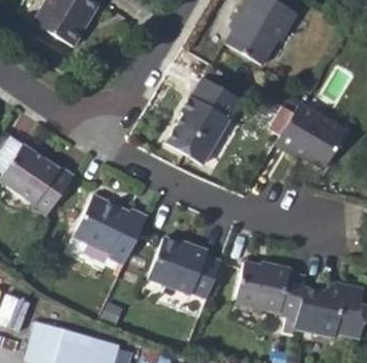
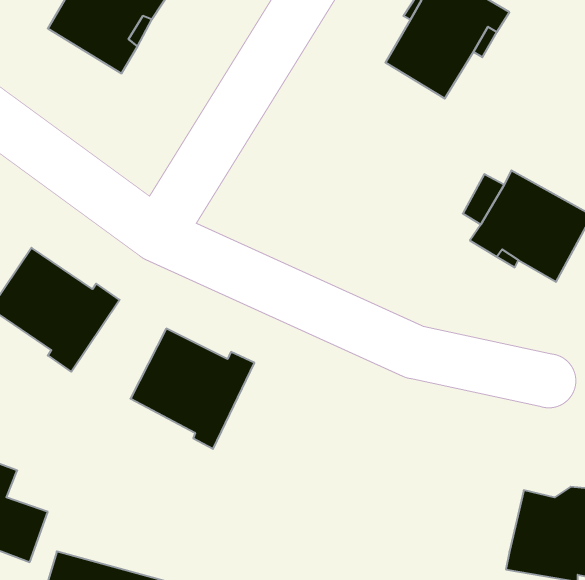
building: [172,78,243,167] -> none
building: [150,236,223,298] -> none
building: [236,264,307,323] -> none

